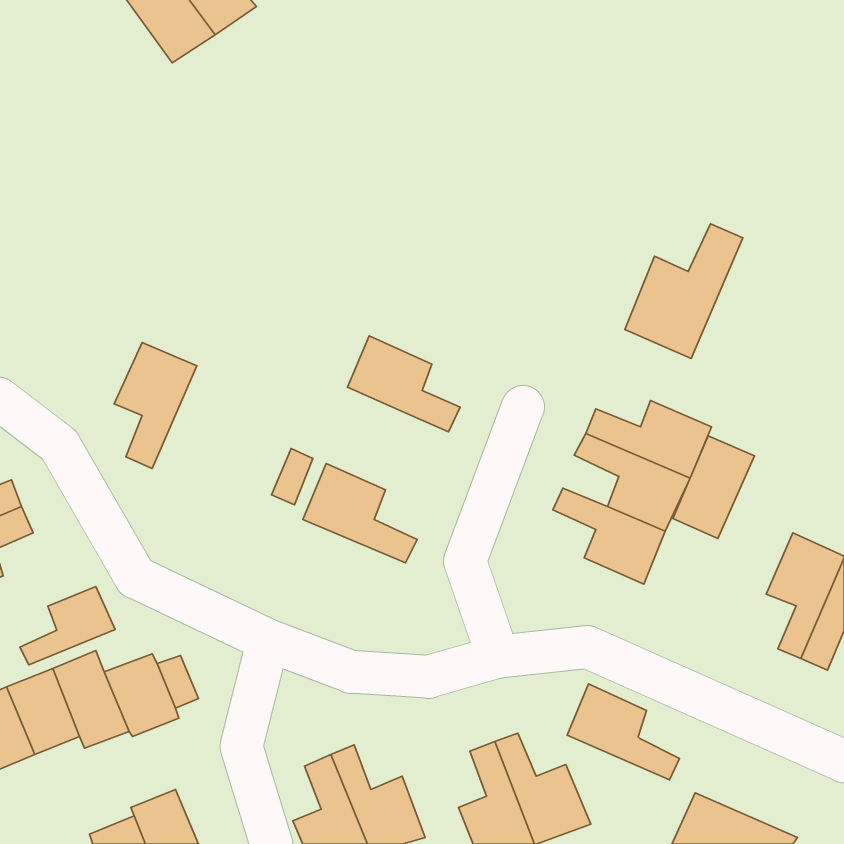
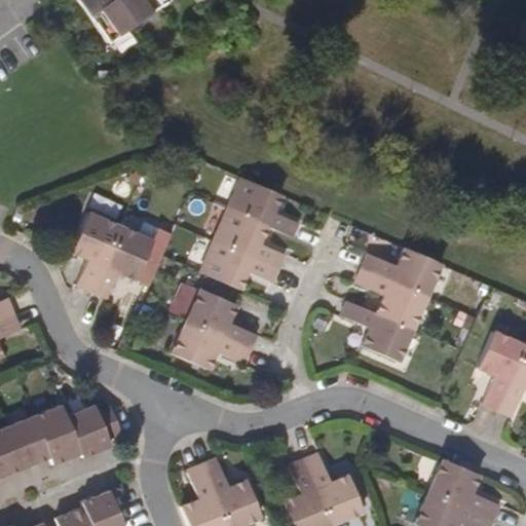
building: [625,224,743,359] -> none
building: none -> [229,179,300,237]
building: none -> [95,227,154,297]
building: none -> [201,240,278,289]
building: [673,436,755,538] -> none
building: none -> [175,323,252,371]
building: [20,587,115,665] -> none
building: [567,684,680,780] -> [431,460,501,520]

